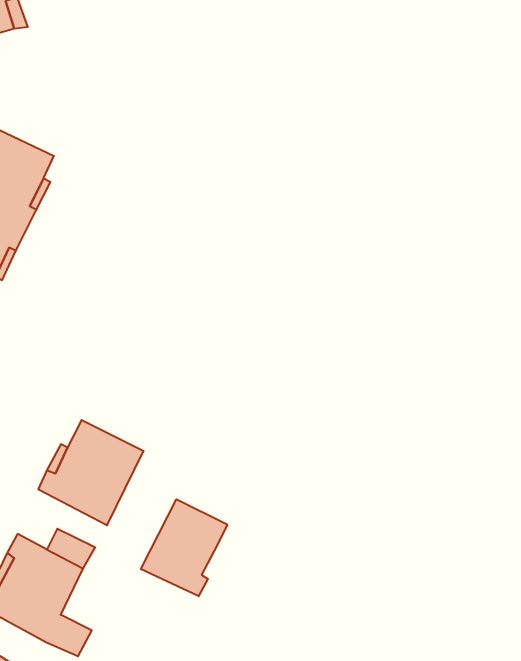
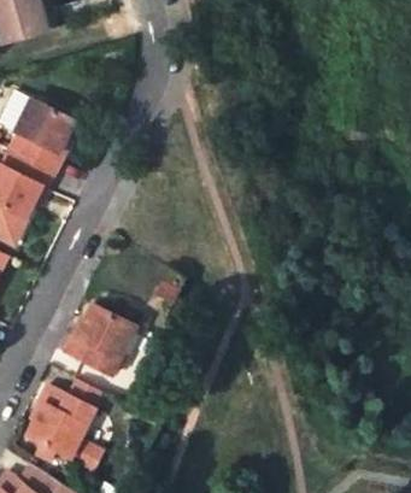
building: [141,499,227,596] -> none

